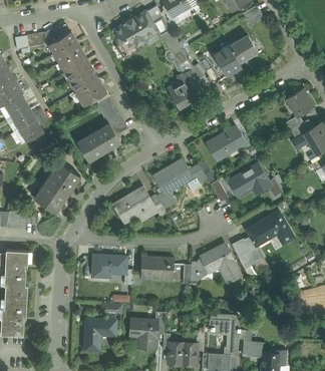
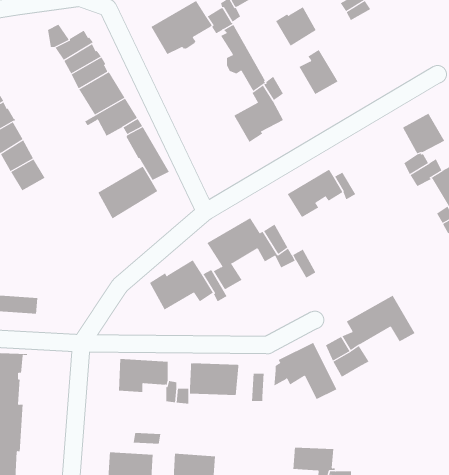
building: [229,35,257,62] -> [275,6,317,46]
building: [34,162,80,214] -> none
building: [229,163,271,195] -> none

